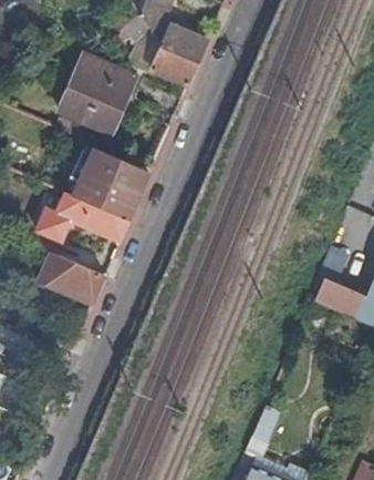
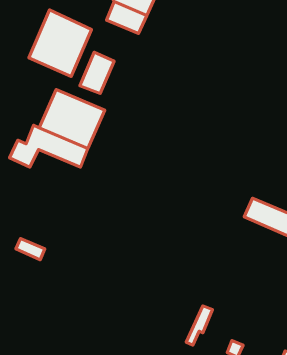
building: none -> [80,52,114,93]
building: [39,252,105,304] -> none

